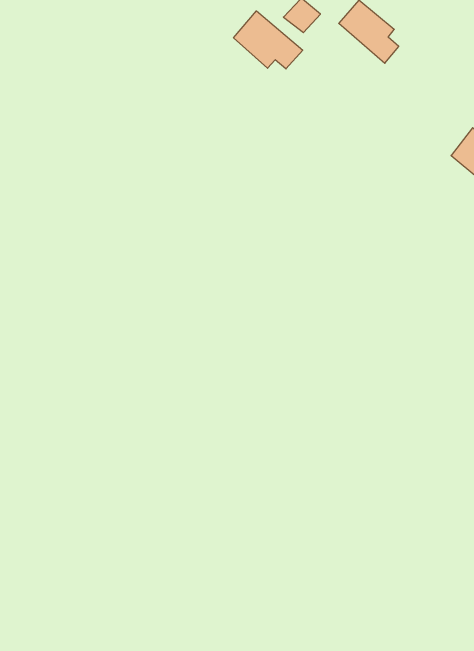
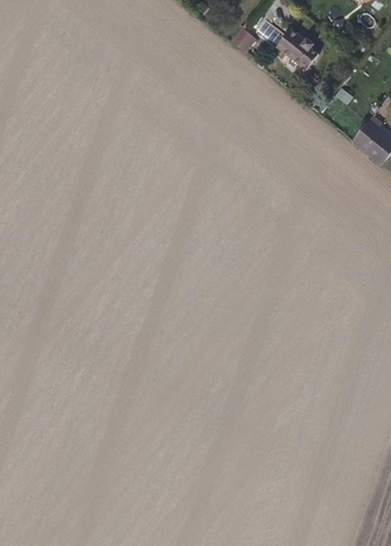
building: [234,11,303,69] -> none

